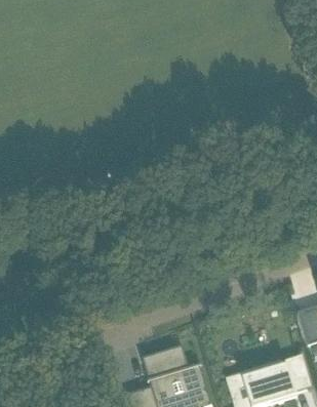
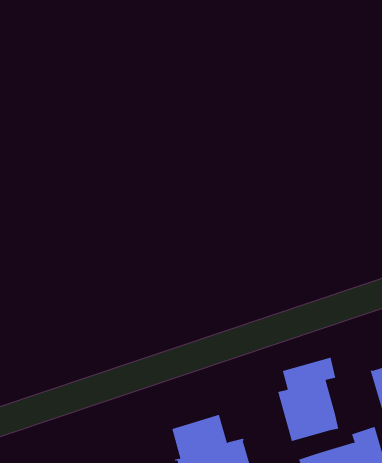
building: none -> [277,357,339,442]

